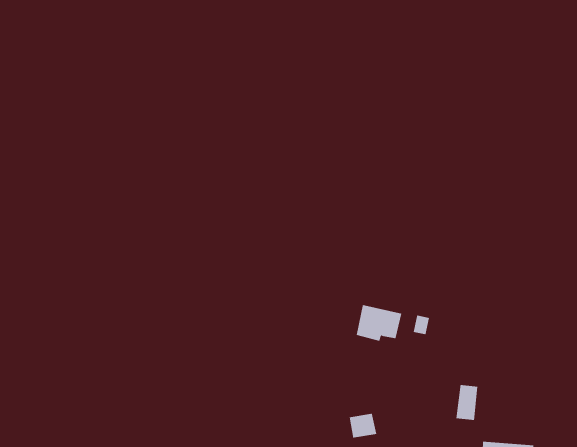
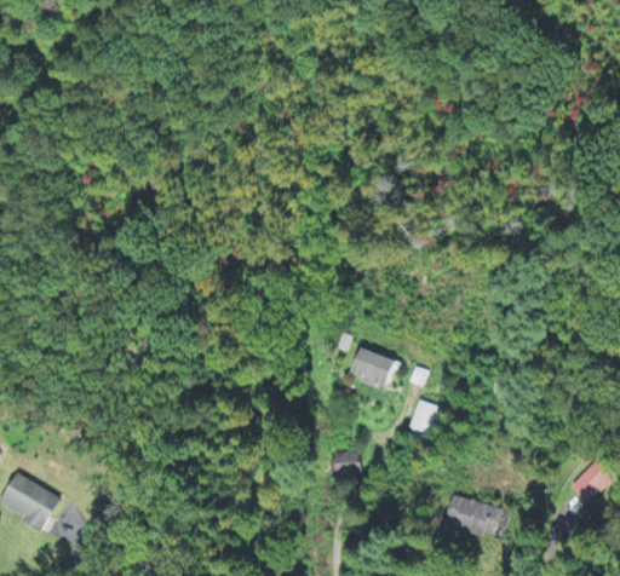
building: [455,385,478,421] -> [407,401,434,437]

